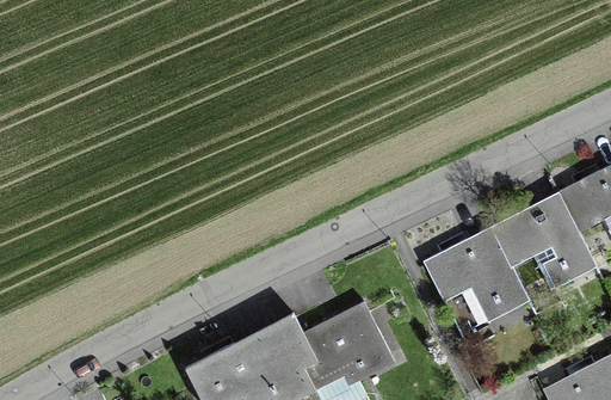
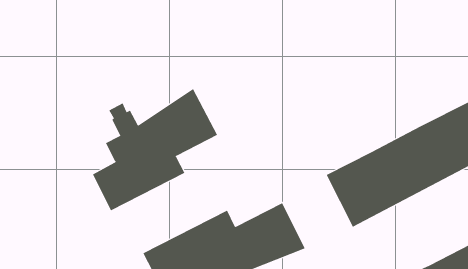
building: none -> [92,88,218,211]

